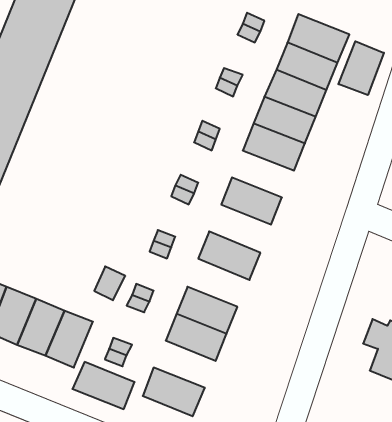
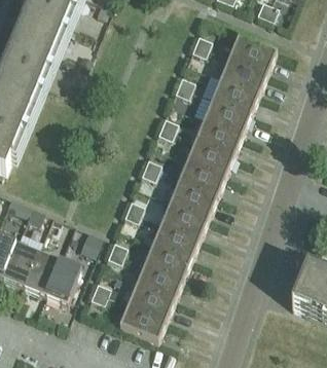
building: [338,41,384,95] -> none
building: none -> [187,137,234,173]
building: none -> [170,178,217,215]
building: none -> [153,219,201,256]
building: [72,362,135,409] -> [128,282,175,318]

